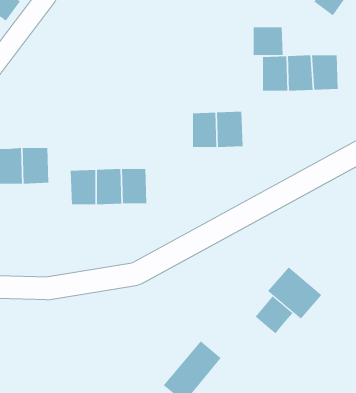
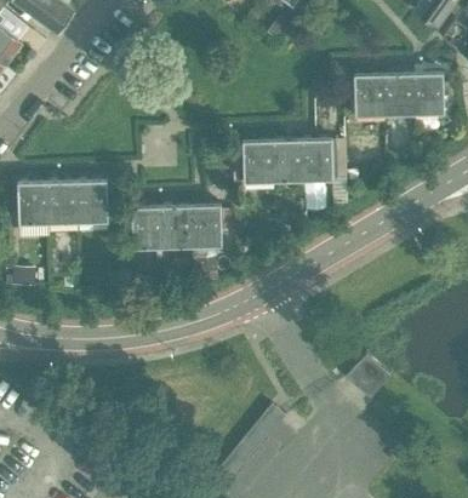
building: [253,26,283,56] -> none
building: none -> [242,141,273,182]
building: [267,266,322,319] -> none

